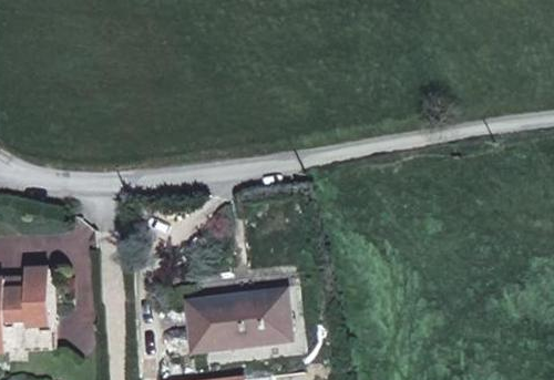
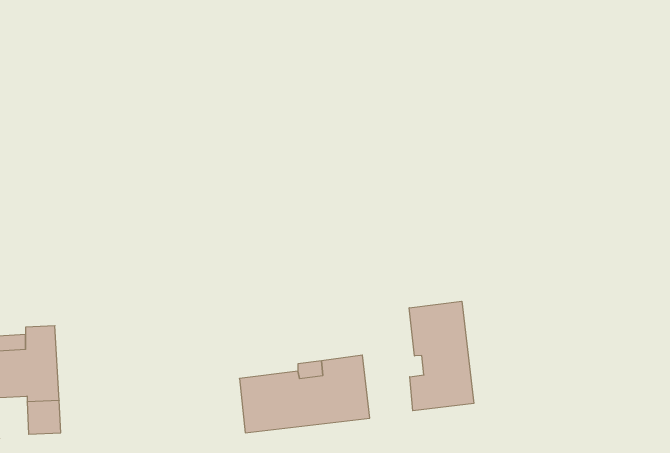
building: none -> [409,301,474,411]

